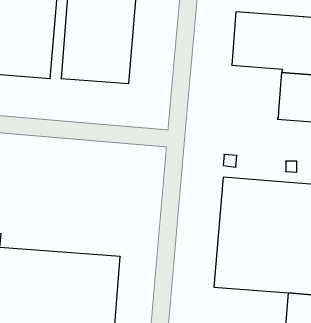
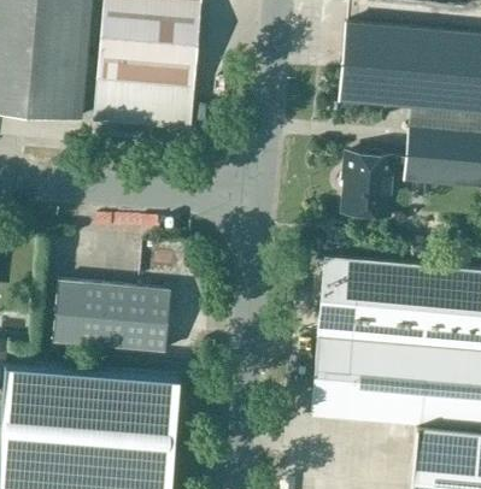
building: none -> [342,153,405,214]
building: none -> [51,282,169,352]

